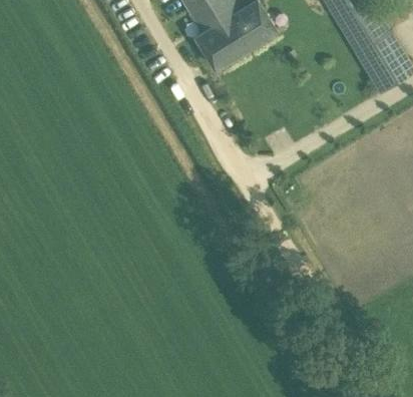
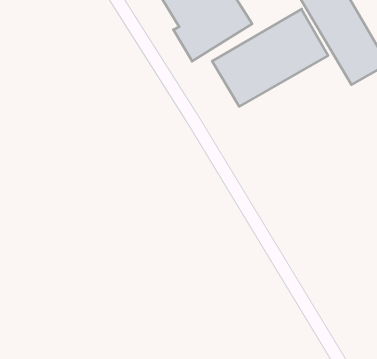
building: none -> [212,9,328,106]

